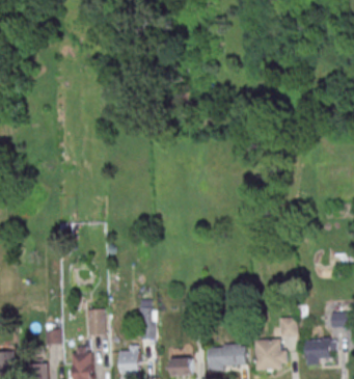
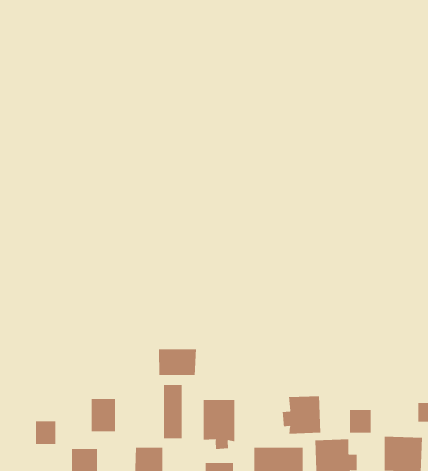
building: none -> [159,349,196,376]
building: none -> [282,395,321,434]
building: none -> [203,399,235,450]

